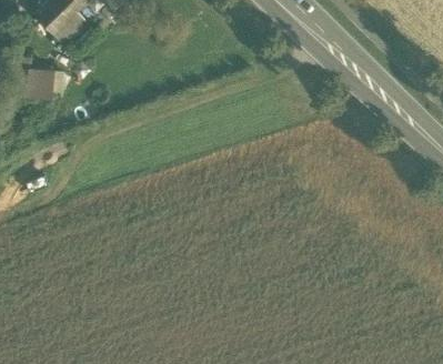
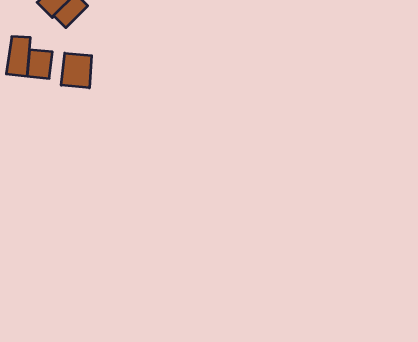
building: none -> [61,53,92,88]

